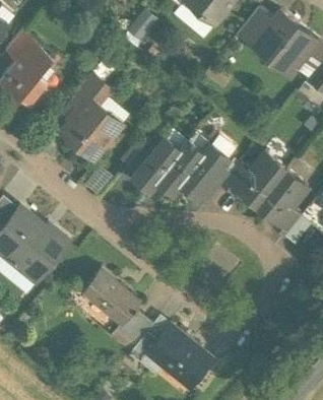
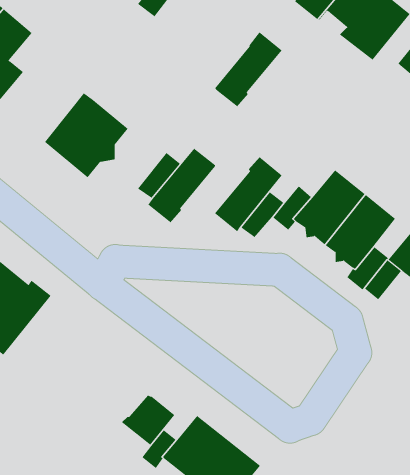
building: [71,74,109,109] -> none
building: [157,140,205,193] -> [214,32,282,107]
building: [81,269,140,325] -> none

